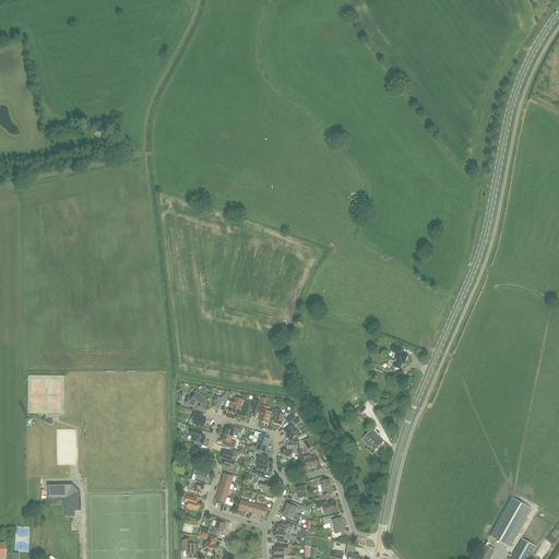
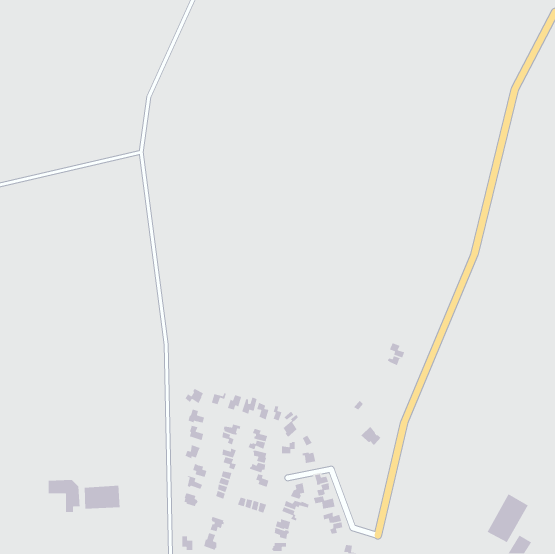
building: none -> [84,485,120,509]

